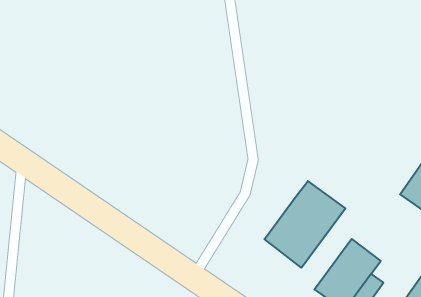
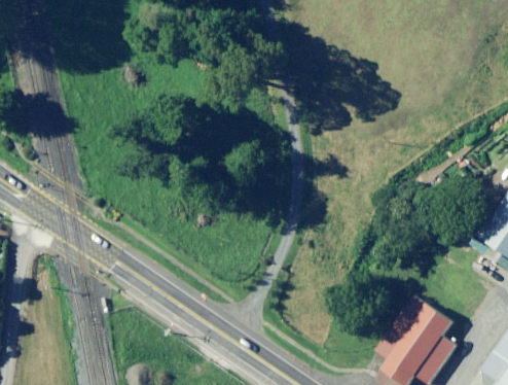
building: [264,181,345,268] -> none

